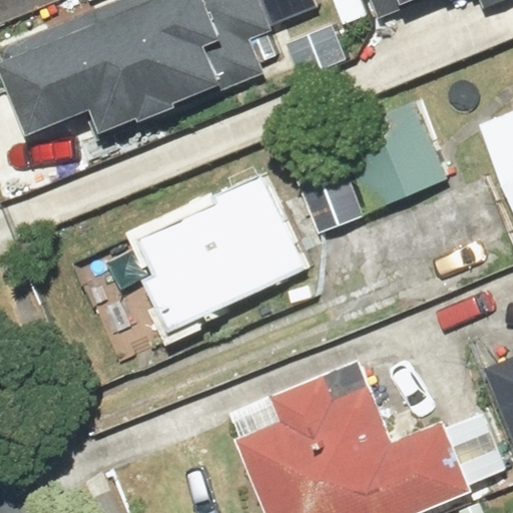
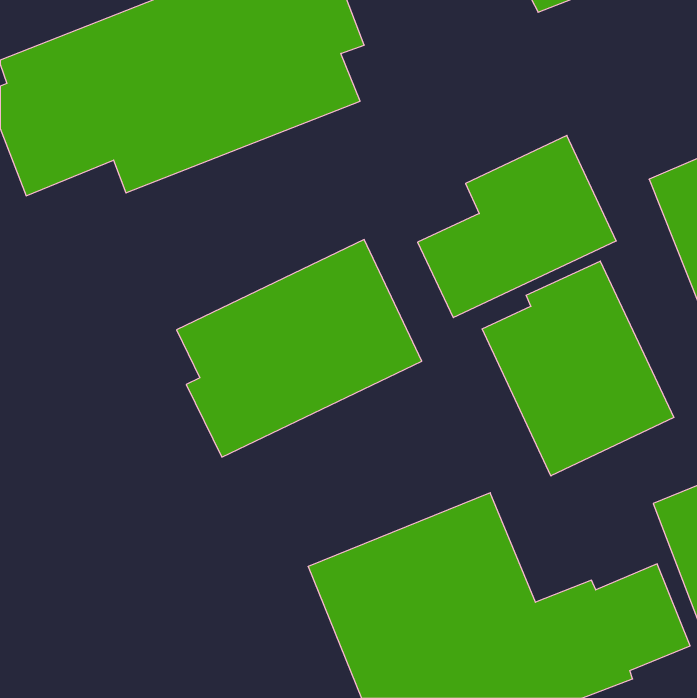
building: none -> [482,261,674,476]

